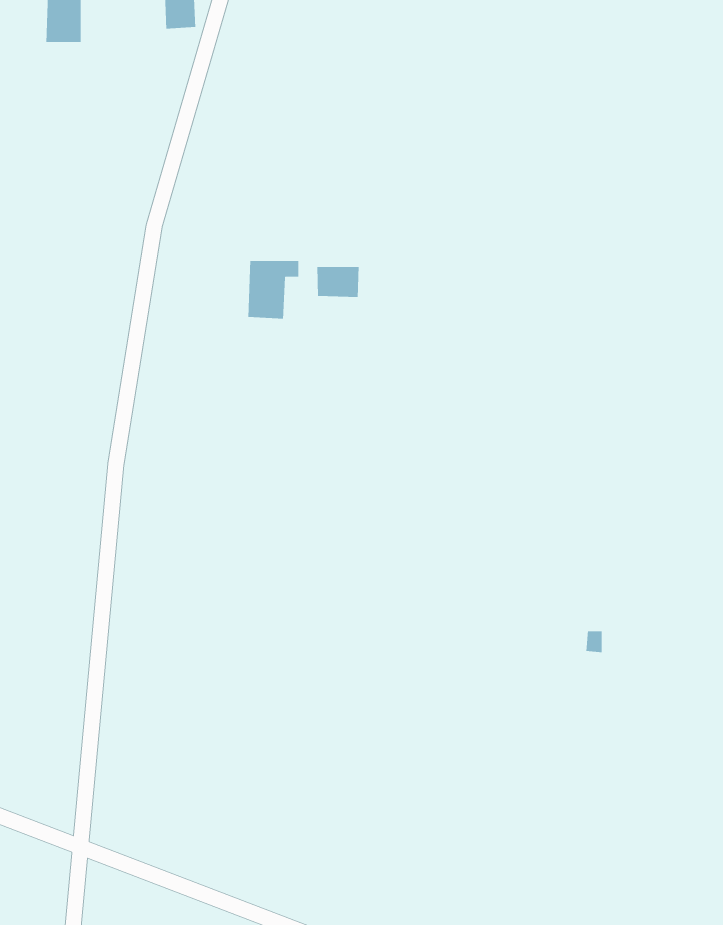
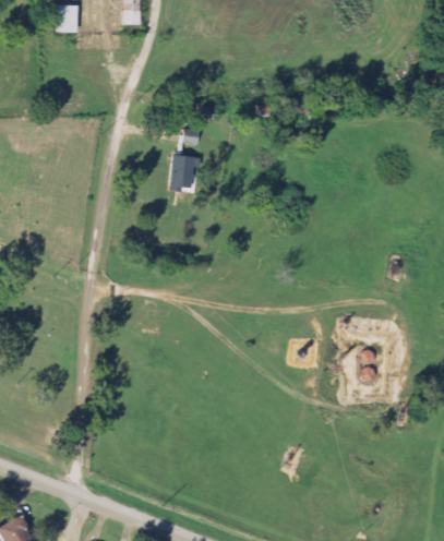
building: [317,266,360,298] -> none

